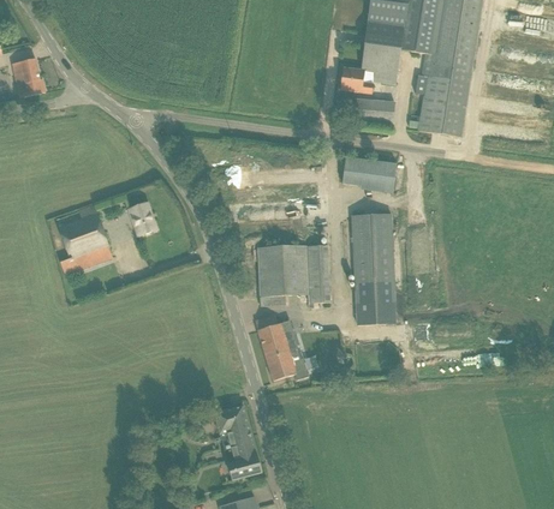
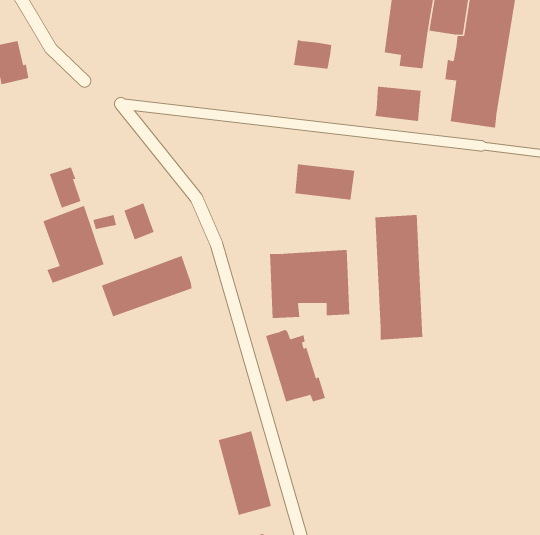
building: [340,66,375,92] -> [293,39,332,69]
building: [342,156,397,188] -> [294,164,355,200]
building: none -> [49,167,81,208]
building: none -> [101,255,192,317]

